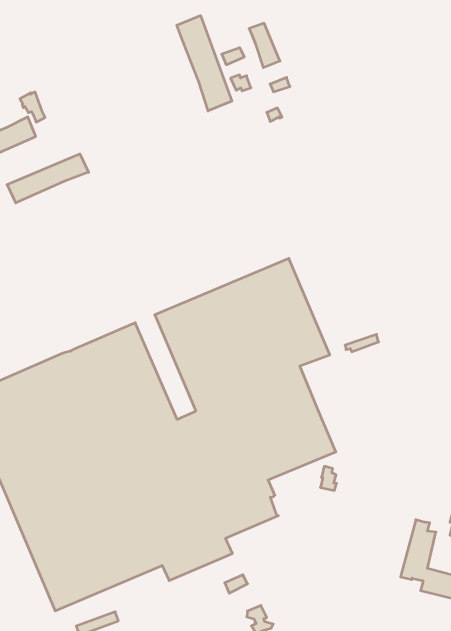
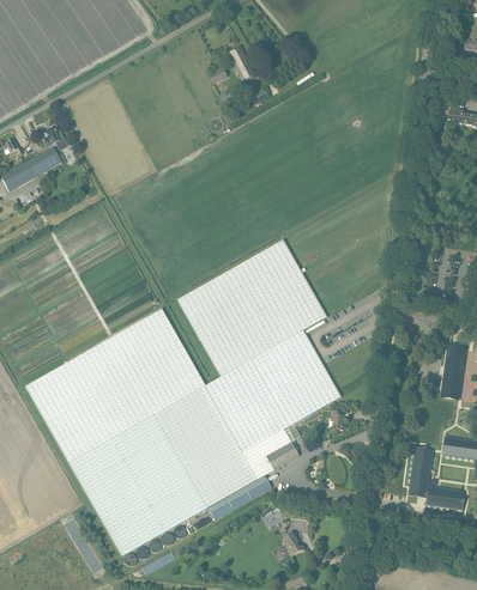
building: [177,16,232,111] -> none
building: [7,154,89,203] -> none

